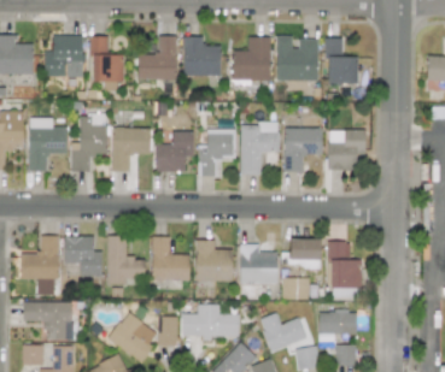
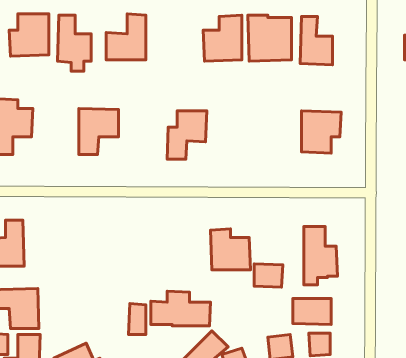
building: [183,36,222,75] -> none
building: [71,114,107,172] -> none
building: [241,123,279,175] -> none
building: [285,128,323,171] -> none
building: [157,131,194,172] -> none
building: [107,235,146,284] -> none
building: [64,236,103,277] -> none
building: [152,236,191,281] -> none
building: [291,238,321,259] -> none
building: [195,240,234,281] -> none
building: [109,312,157,362] -> none
building: [259,312,308,352] -> none

